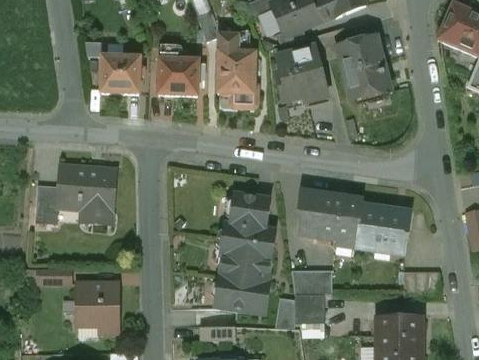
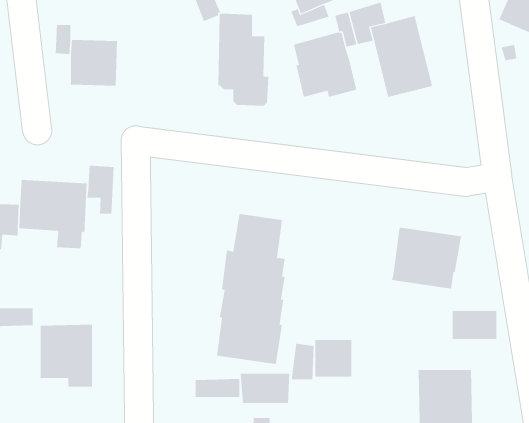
building: [158,58,198,94] -> none
building: none -> [87,165,114,215]
building: [299,190,362,242] -> none
building: [292,269,332,293] -> [240,373,290,404]

